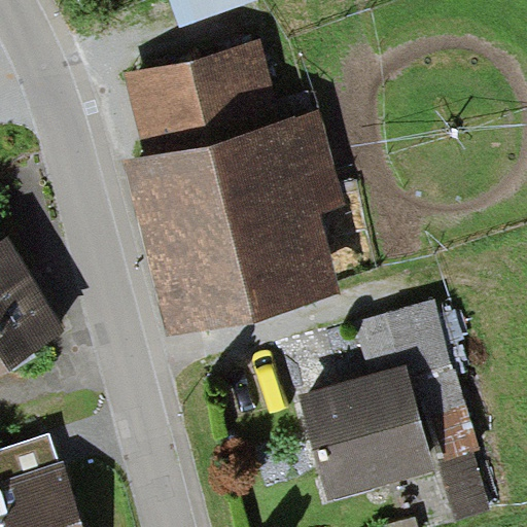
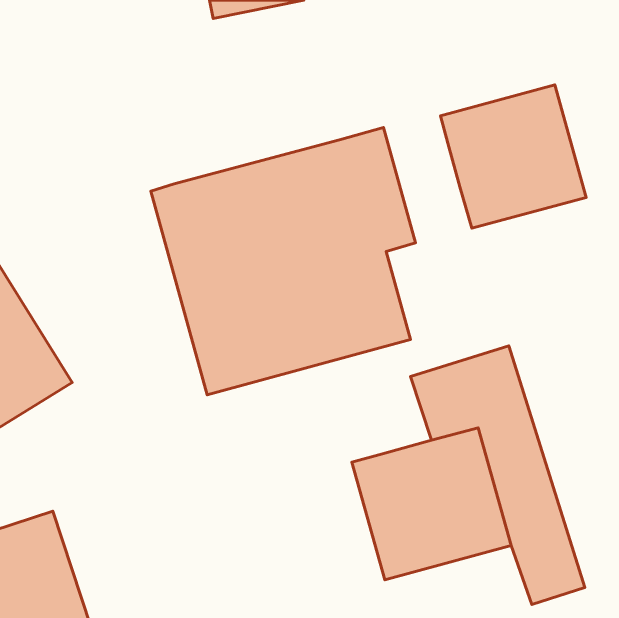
building: [125,43,285,162] -> none
building: none -> [440,85,586,228]

